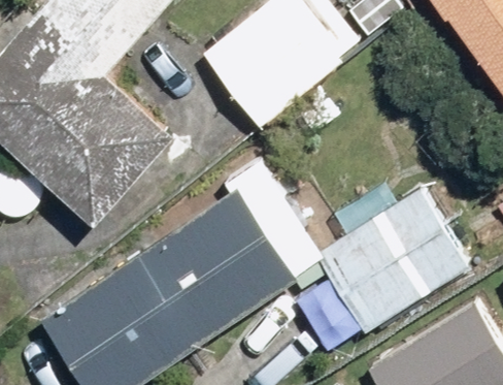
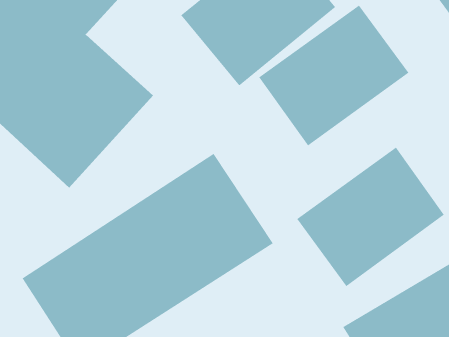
building: none -> [258,4,409,146]

